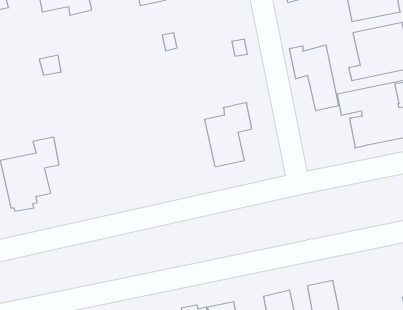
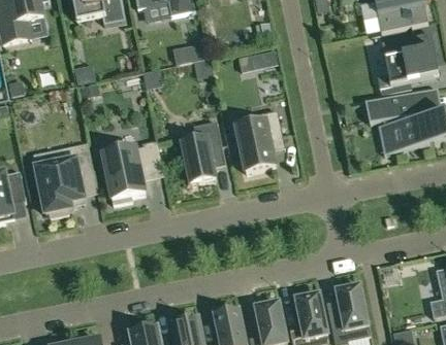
building: [289,45,339,111] -> none
building: none -> [181,120,221,182]
building: none -> [102,139,162,203]

